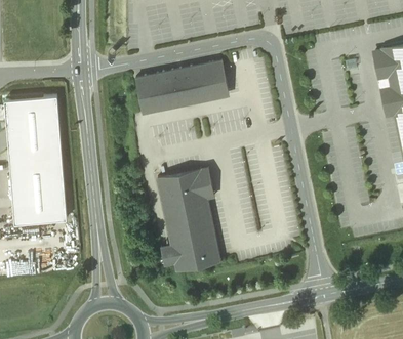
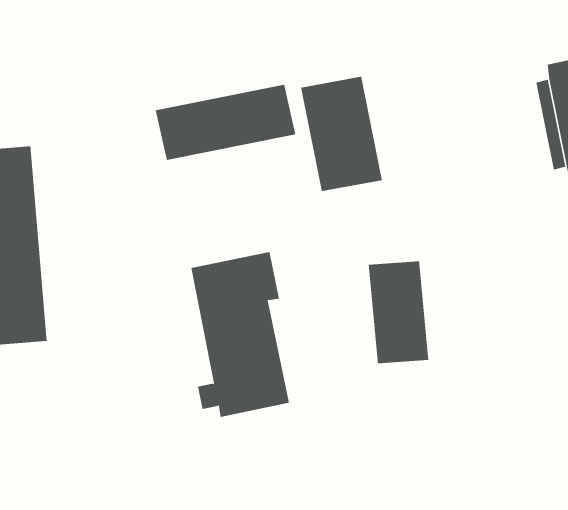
building: none -> [301,76,383,192]
building: none -> [368,260,429,364]

